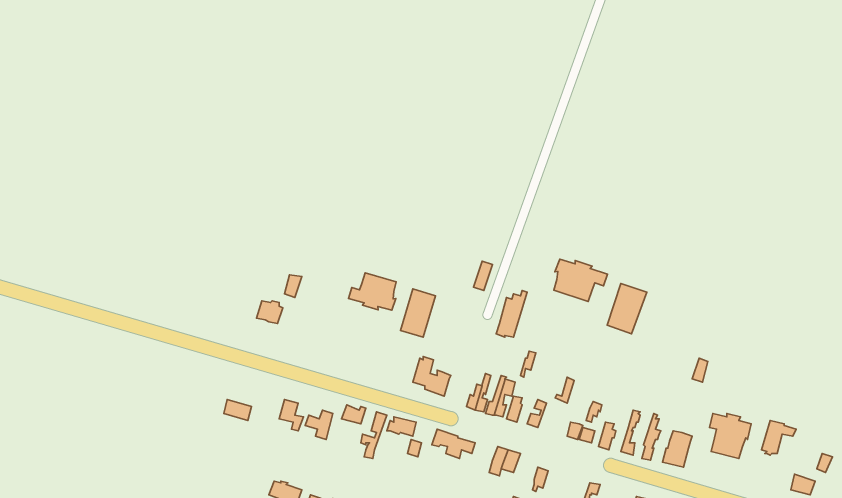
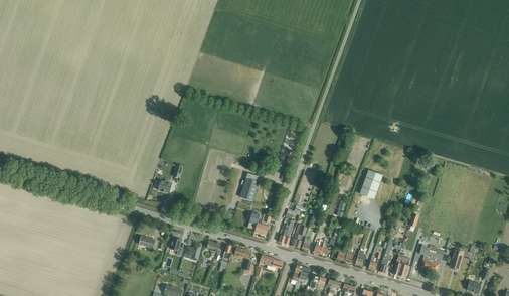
building: [554,259,607,301] -> none
building: [349,273,396,310] -> none

